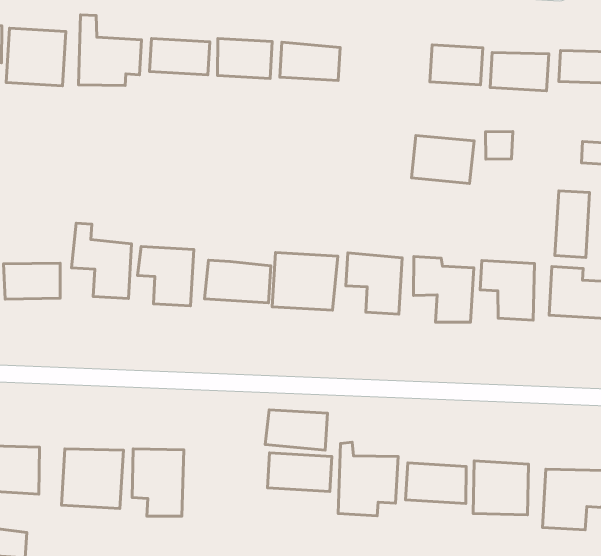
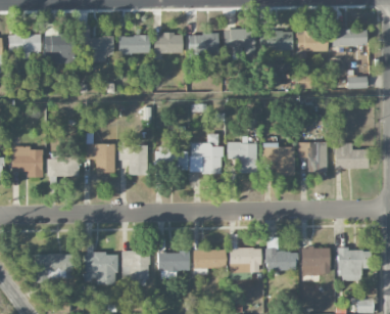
building: [411,135,474,183] -> [224,29,255,52]
building: [555,191,590,257] -> none
building: [265,410,327,450] -> [157,252,189,271]

